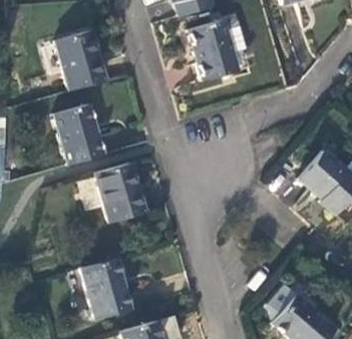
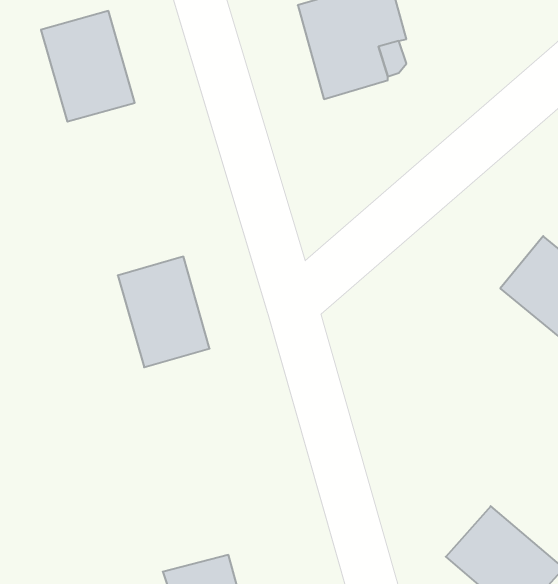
building: [53,104,103,165] -> none
building: [80,258,130,319] -> none

